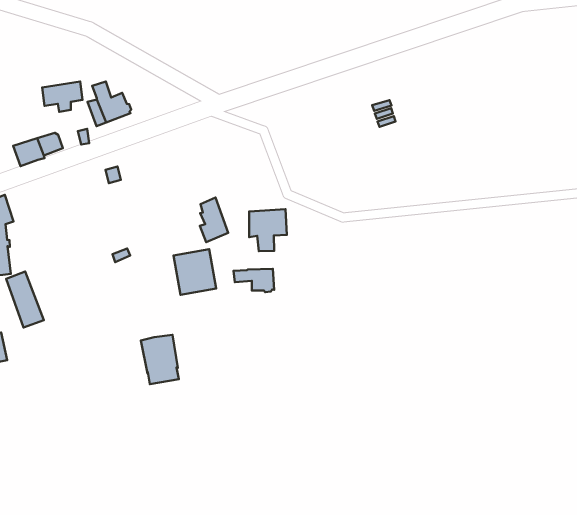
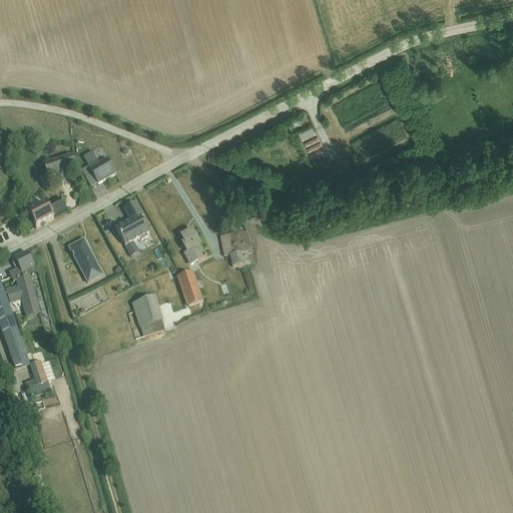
building: none -> [115,200,148,244]
building: [234,269,274,292] -> none
building: [6,272,44,328] -> [68,237,102,282]
building: [141,335,179,384] -> [130,294,164,335]

